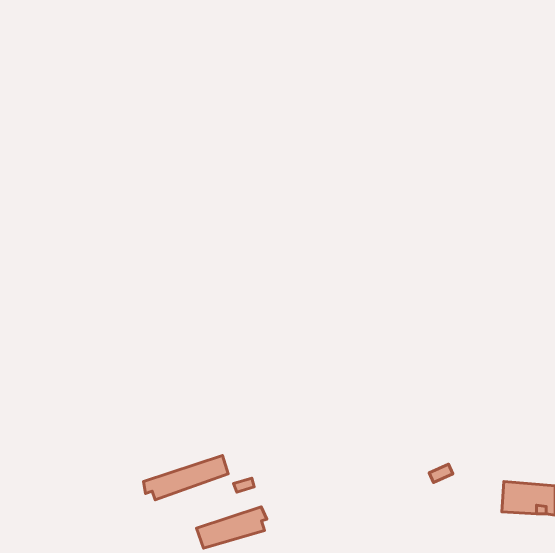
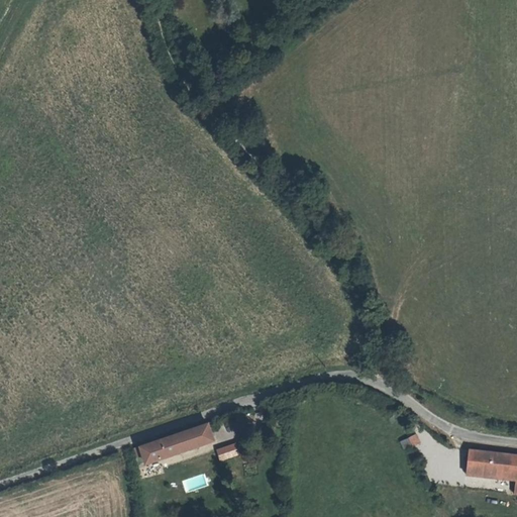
building: [197,507,267,548] -> none

